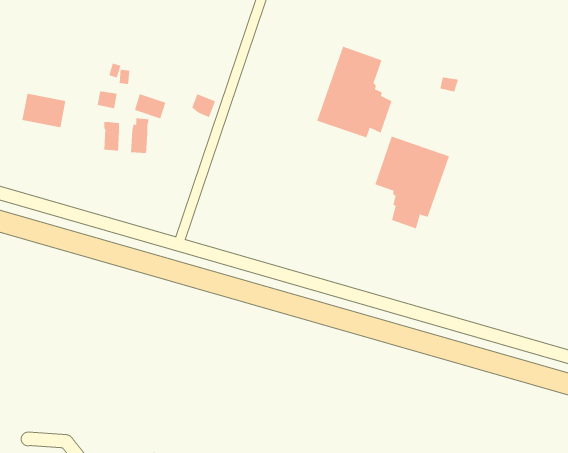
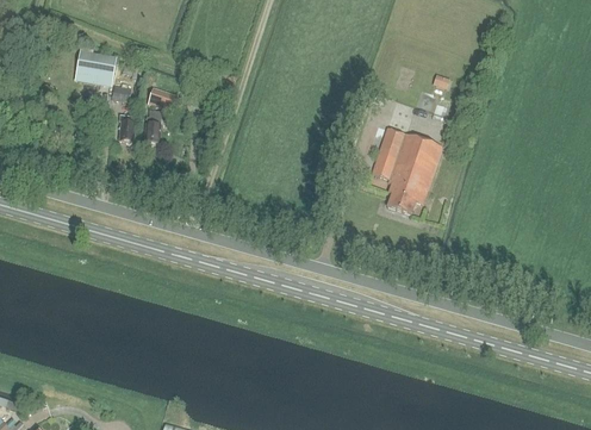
building: [316,46,392,138] -> none
building: [22,93,66,128] -> [75,52,117,85]

